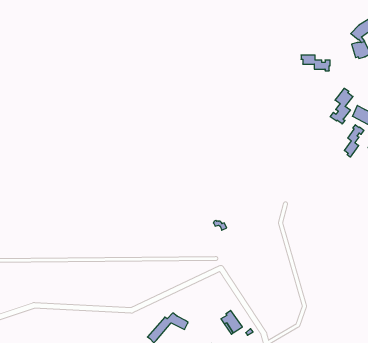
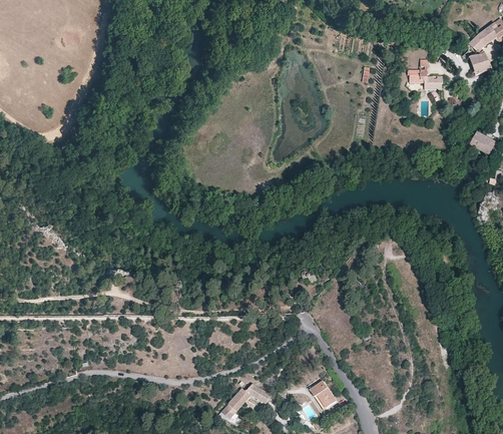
building: [330,88,353,124] -> none
building: [344,125,364,157] -> none

